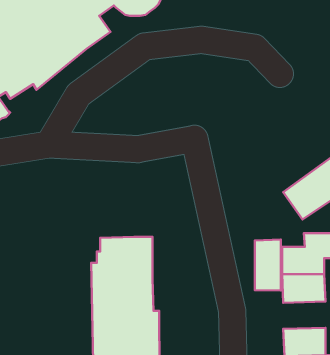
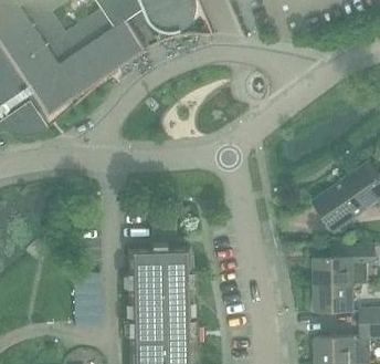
building: [255,239,281,291] -> none

